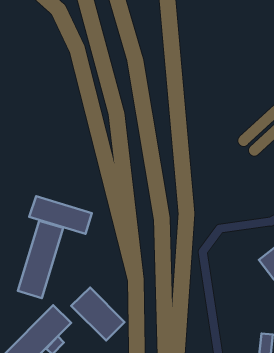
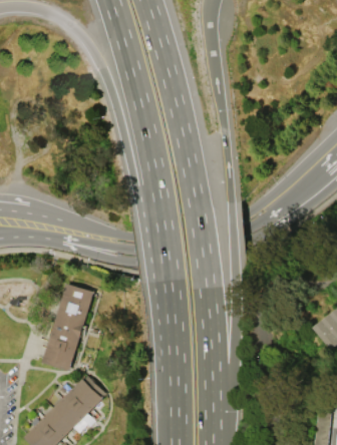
building: [29,196,92,234] -> none
building: [71,287,125,340] -> none

